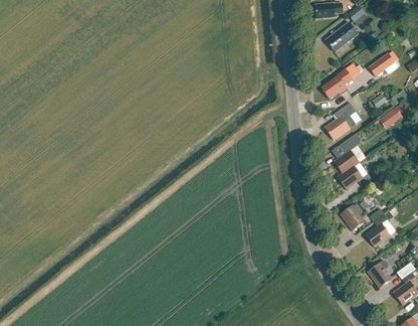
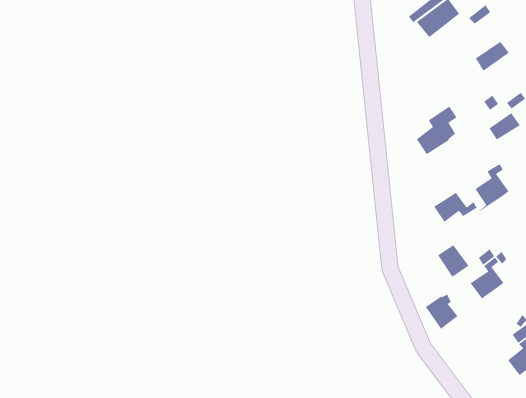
building: [321,68,353,99] -> none
building: [334,141,360,177] -> [474,163,509,212]
building: [368,261,393,288] -> [425,293,458,330]

